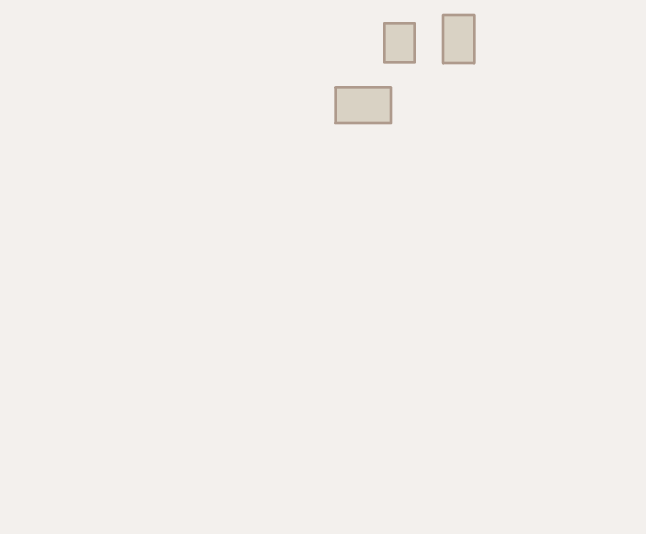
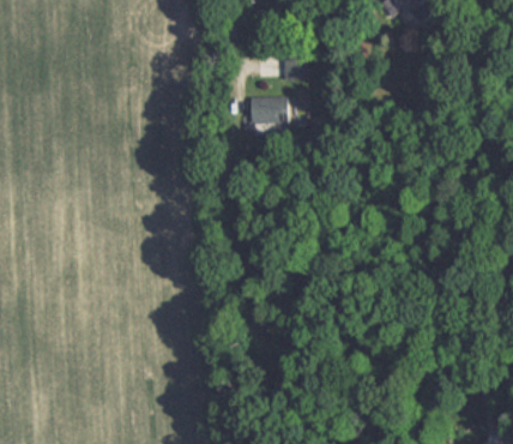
building: [443,15,474,63] -> none

